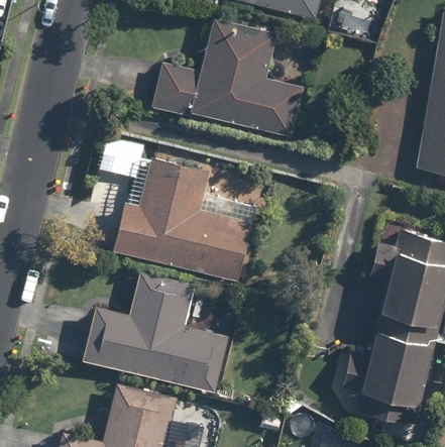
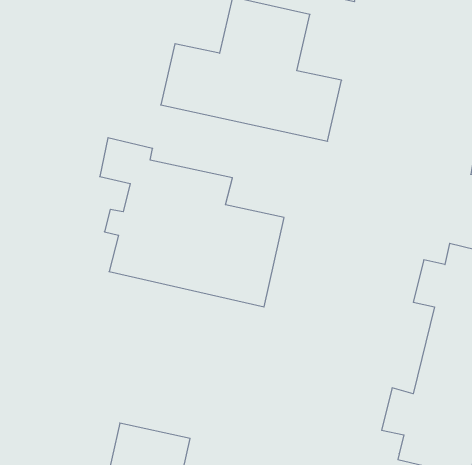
building: [83,271,229,395] -> none

